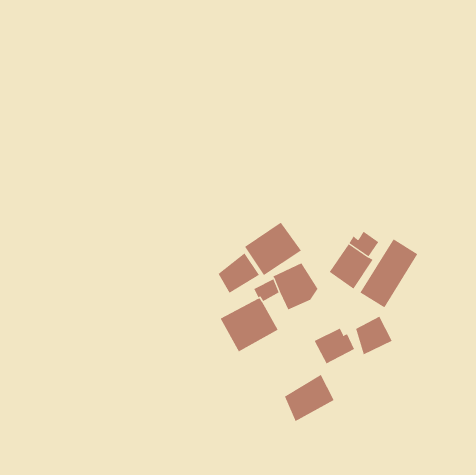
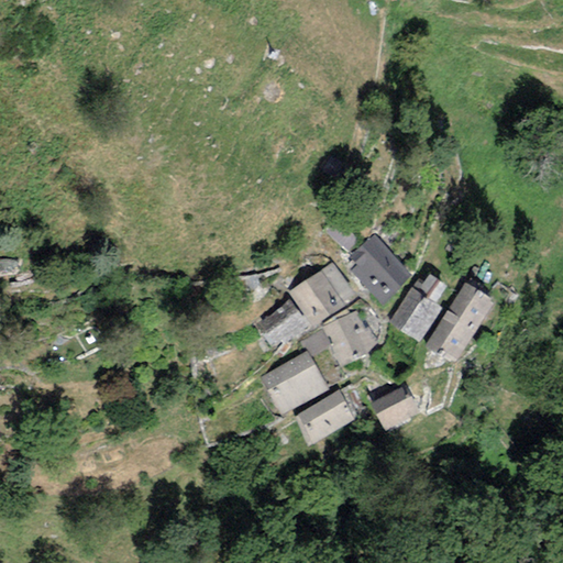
building: none -> [350,233,410,305]
building: [356,316,393,355] -> none
building: [284,374,334,422] -> [295,389,354,445]

